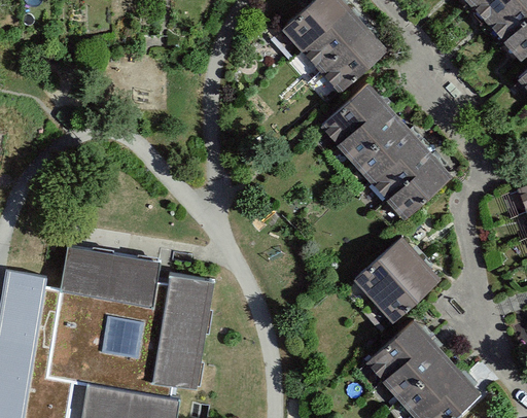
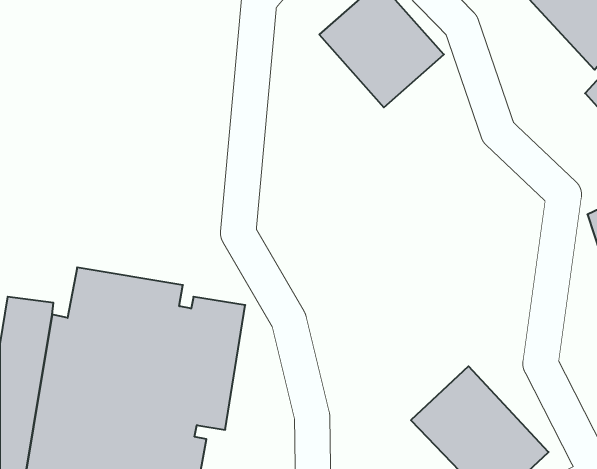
building: [316,84,454,228] -> none
building: [350,234,443,326] -> none

